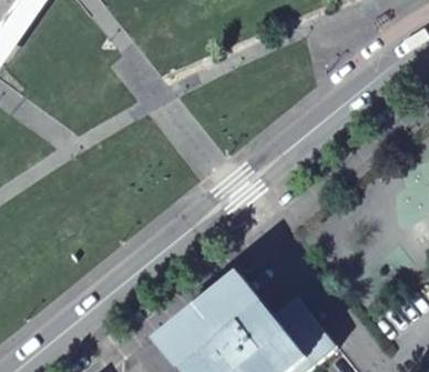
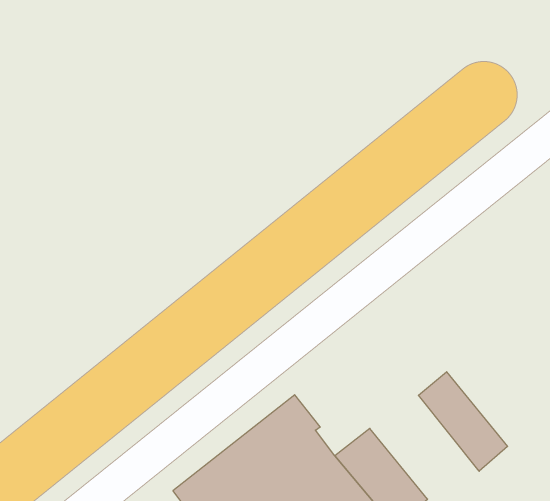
building: none -> [418,372,508,471]

